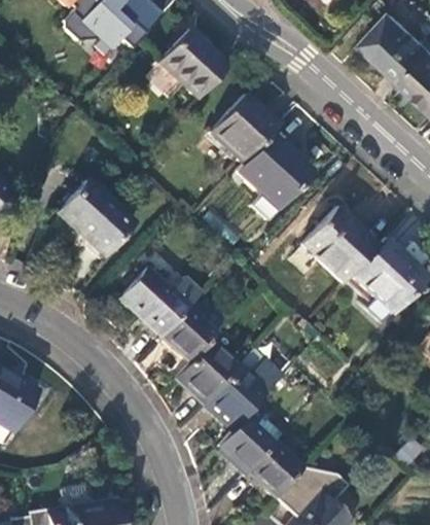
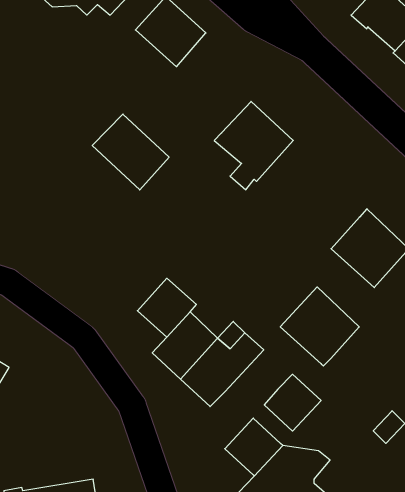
building: [210,94,279,163] -> none
building: [58,181,133,255] -> [92,114,169,190]
building: [301,206,379,283] -> [280,287,359,366]
building: [119,267,190,337] -> none
building: [219,416,275,471] -> [264,374,321,431]

